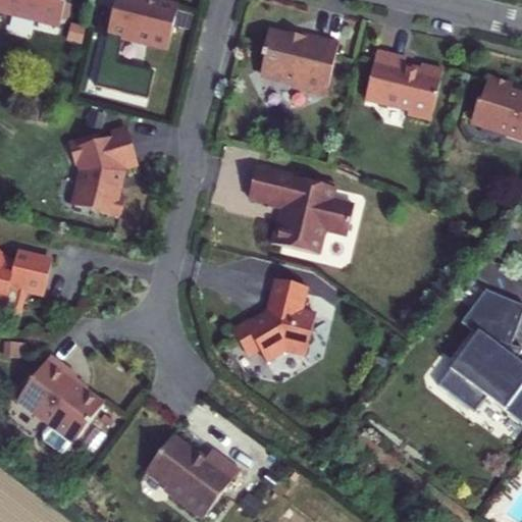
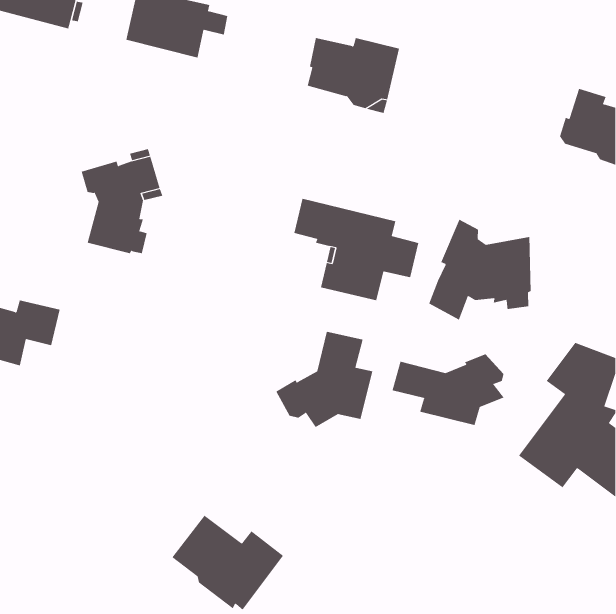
building: [364,50,441,119] -> none
building: none -> [428,219,531,320]
building: none -> [392,353,504,426]
building: [16,355,103,454] -> none

